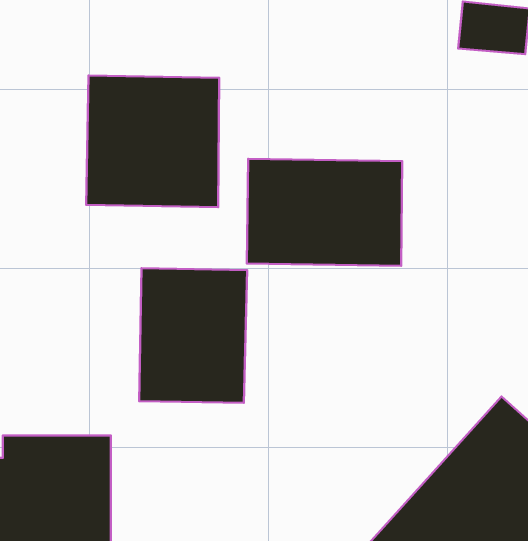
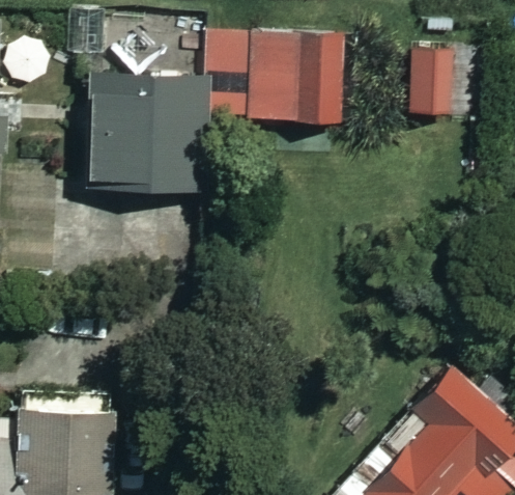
building: [247,159,402,266] -> [208,31,345,126]
building: [139,268,247,403] -> none

